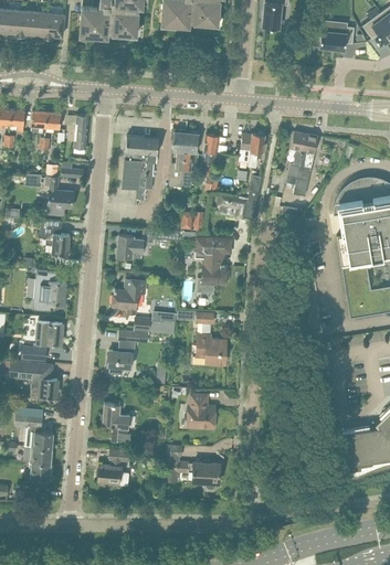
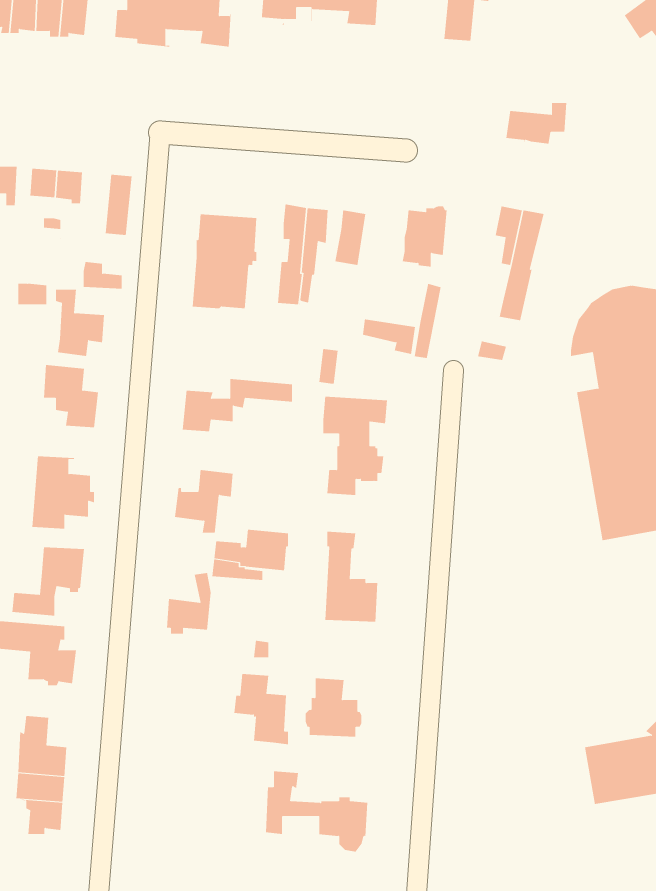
building: [319,26,354,50] -> [506,103,567,144]
building: [99,403,130,443] -> [233,674,289,745]
building: [97,450,128,486] -> none

